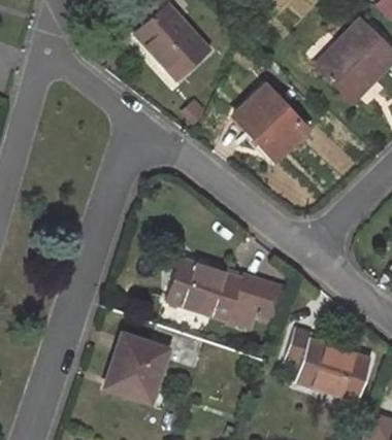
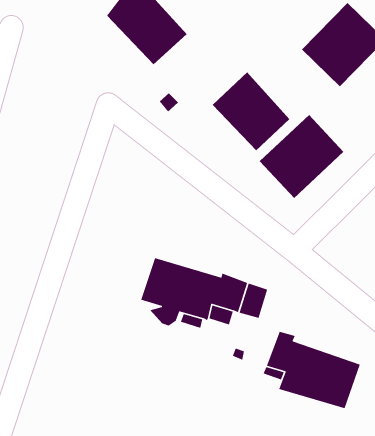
building: none -> [259,114,344,199]
building: [105,335,168,403] -> none

